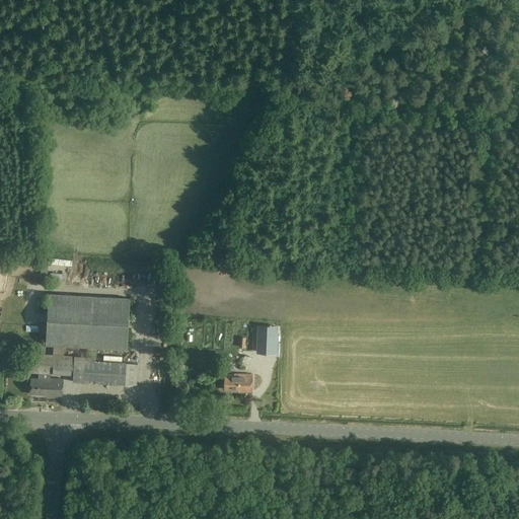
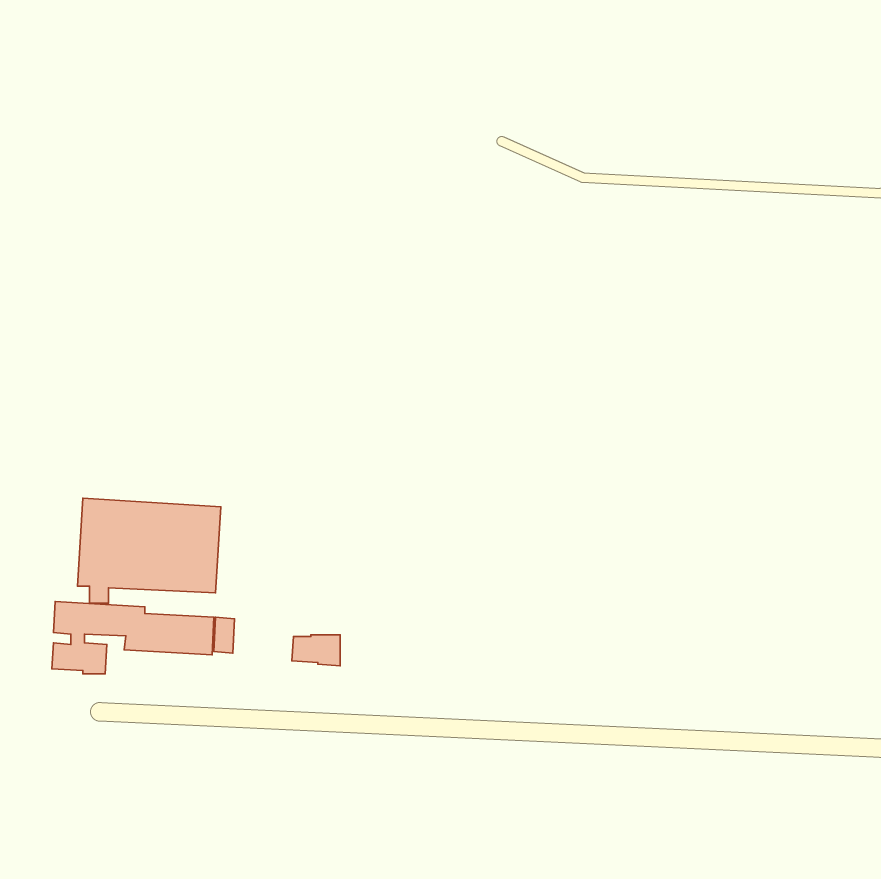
building: [257,326,275,354] -> none
building: [224,375,252,393] -> [292,635,340,666]

